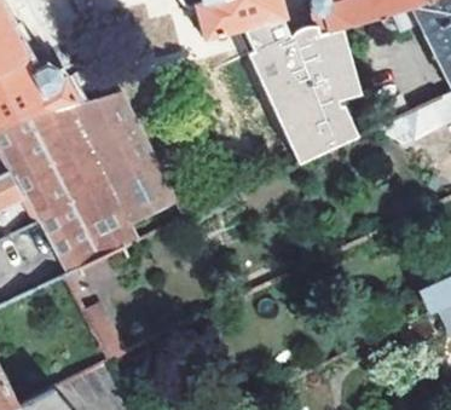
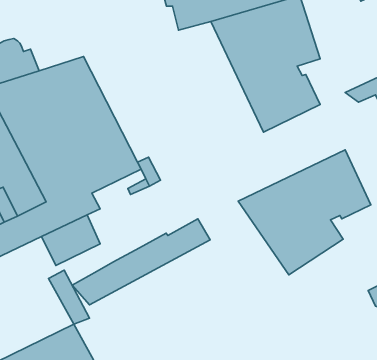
building: none -> [238,150,371,275]
building: none -> [72,219,210,305]

